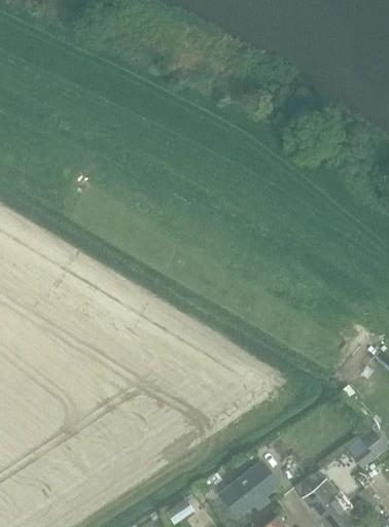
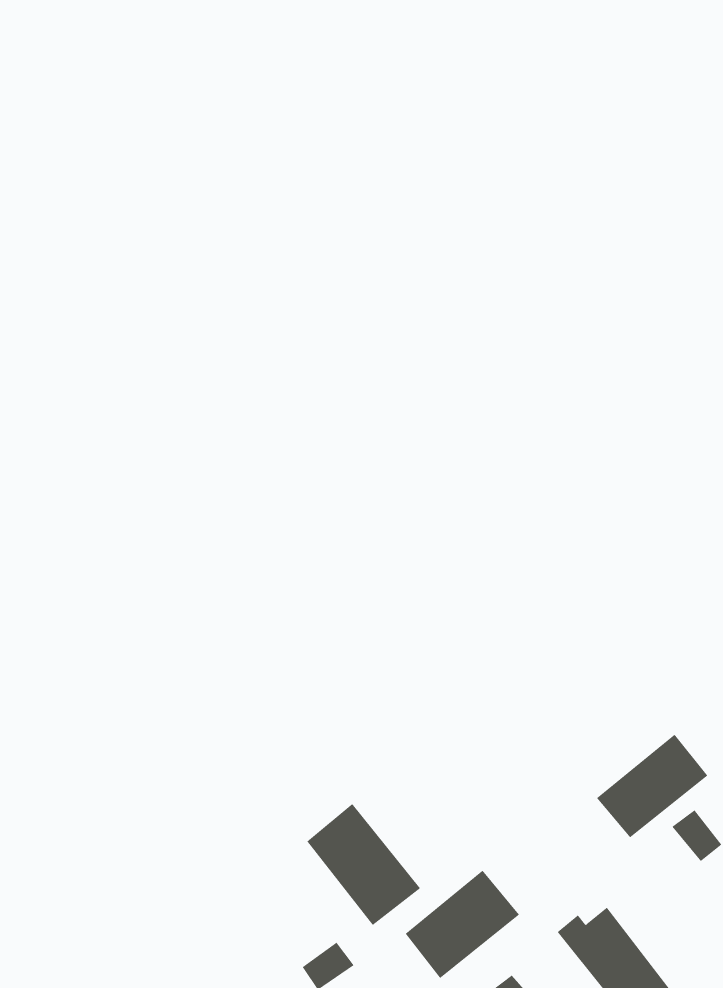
building: none -> [596,734,708,838]
building: none -> [306,803,421,926]

